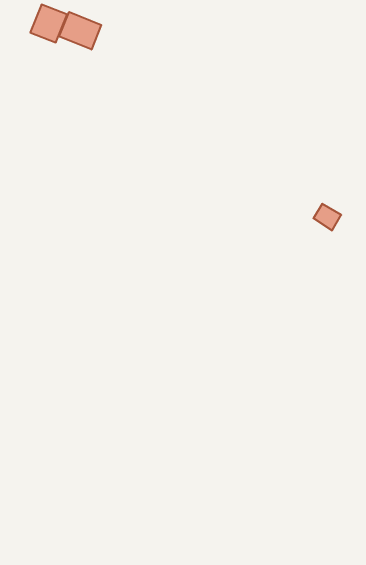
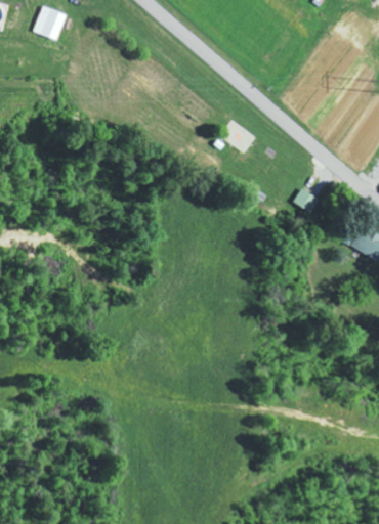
building: [59,12,101,50] -> none

